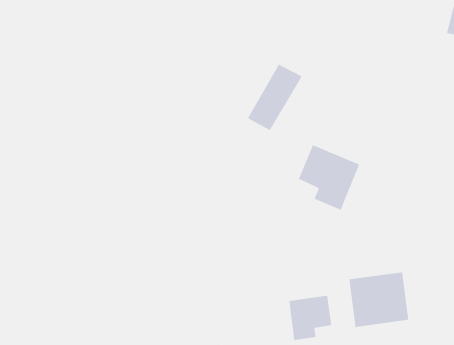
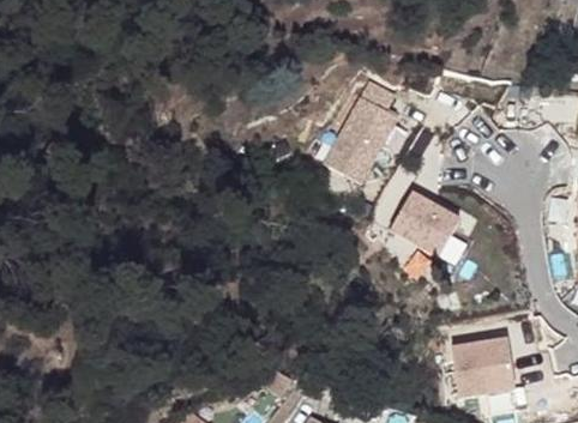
building: [288,295,332,341] -> none

